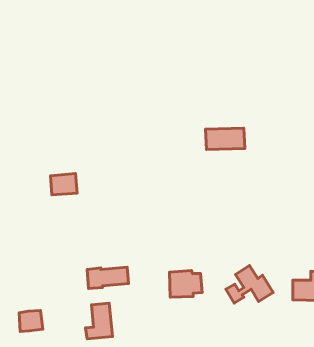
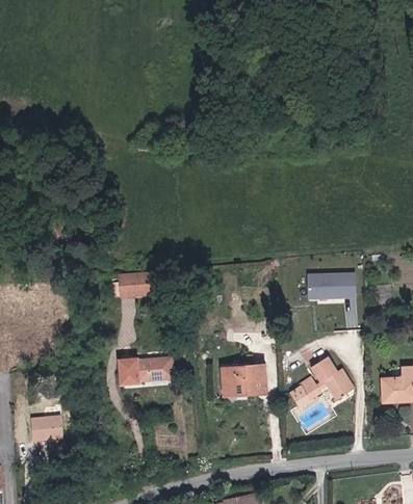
building: [206,128,245,149] -> [305,273,355,300]
building: [50,174,77,195] -> [119,274,153,301]
building: [86,303,113,339] -> none

